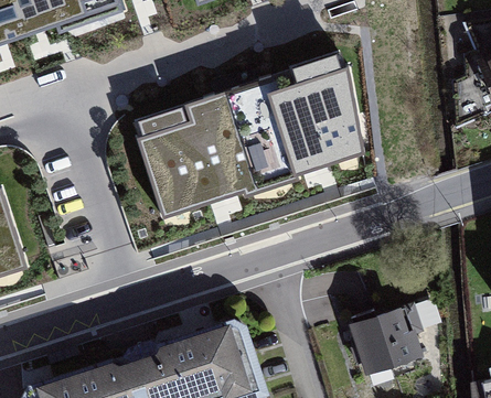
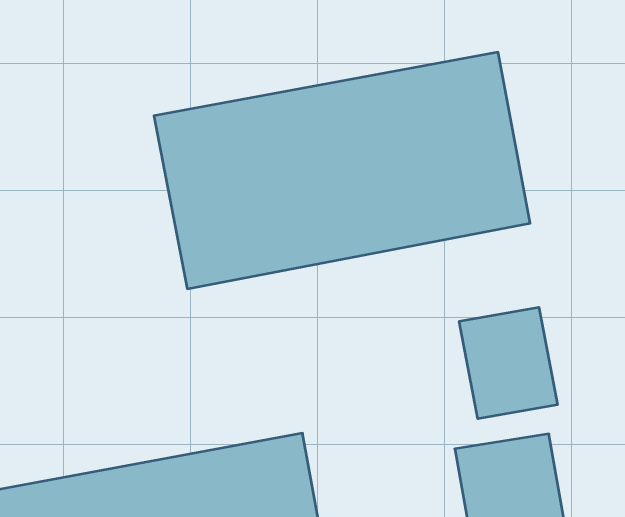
building: none -> [459,307,557,419]

